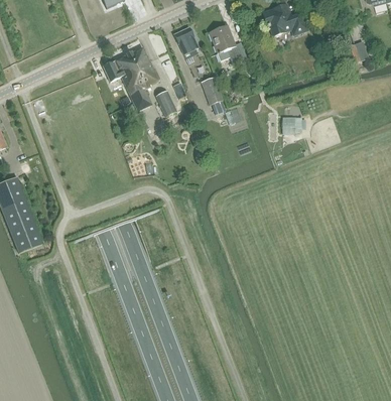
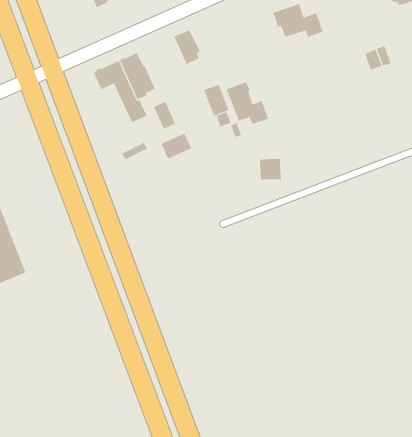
building: [209,24,247,62] -> [226,81,269,124]
building: [281,115,301,134] -> [259,158,282,180]
building: none -> [161,133,192,159]

